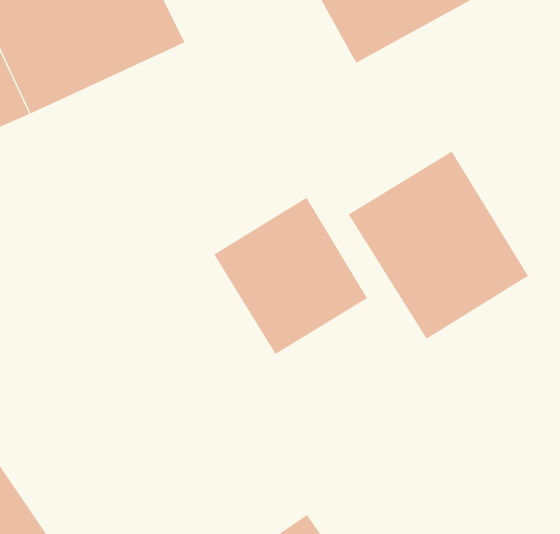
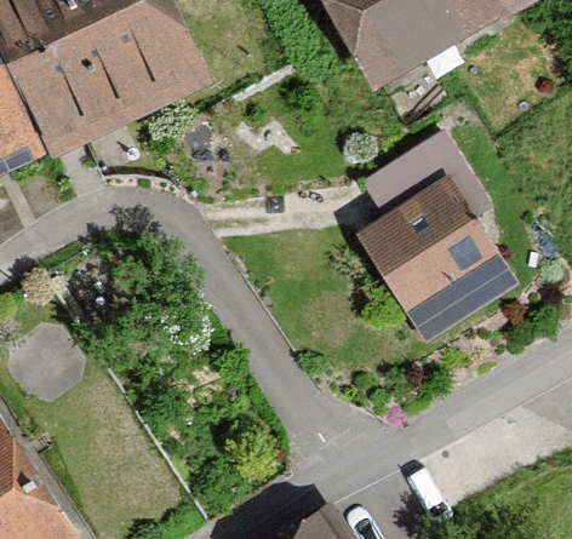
building: [214,197,368,355] -> none

